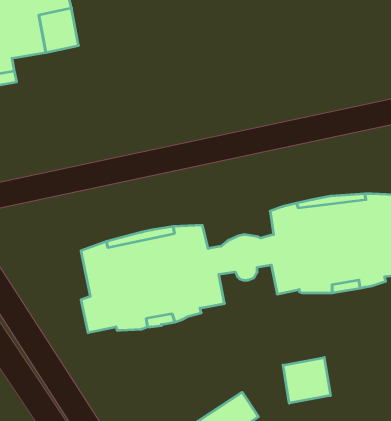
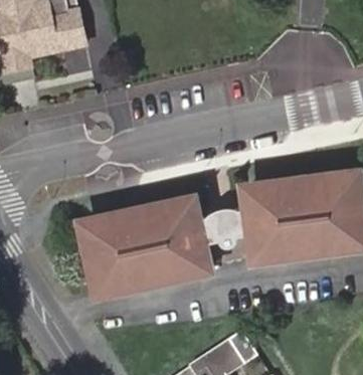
building: [283,357,330,403] -> none

